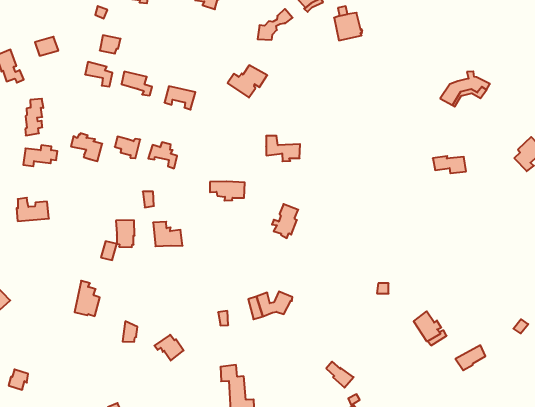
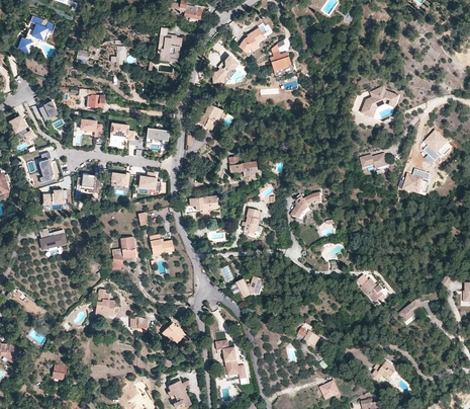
building: none -> [404,170,431,194]
building: none -> [291,192,321,218]

